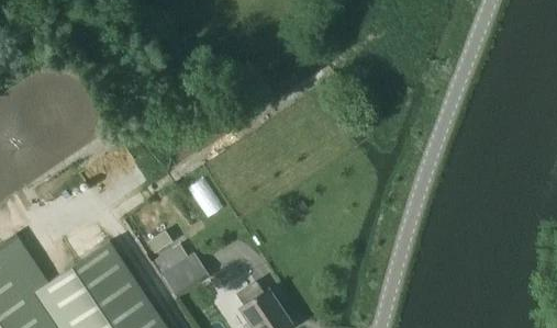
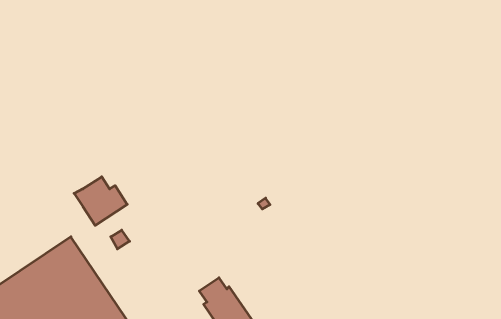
building: [153,245,205,293] -> [74,177,127,225]

